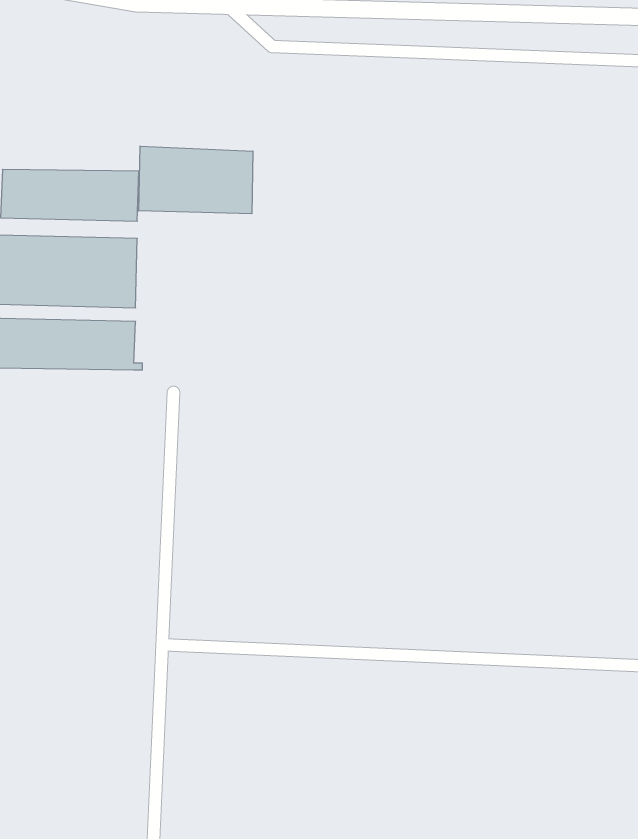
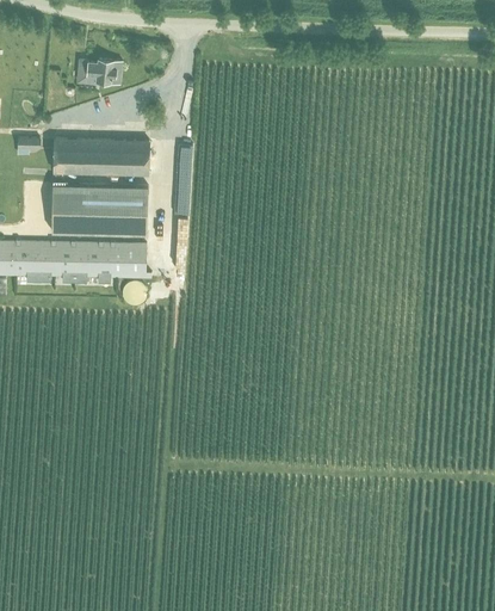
building: none -> [85,60,119,85]
building: [139,146,253,214] -> none

